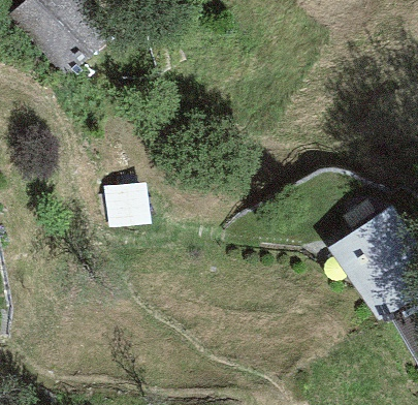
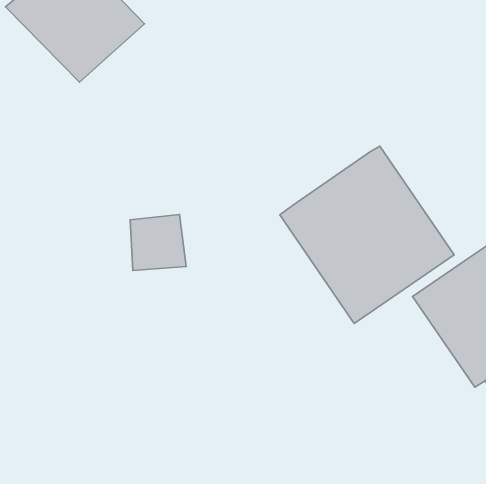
building: none -> [280,146,454,323]

